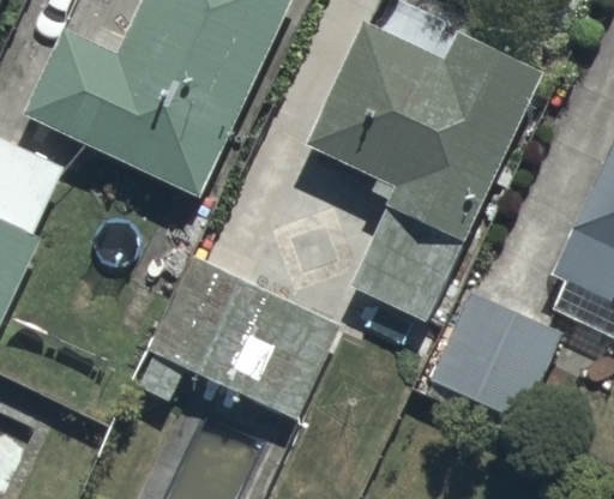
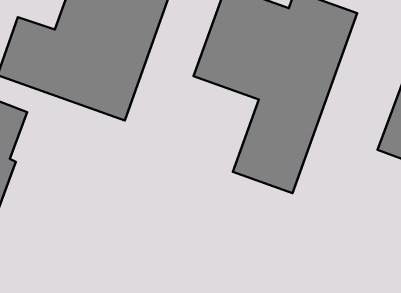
building: [128,254,336,417] -> none
building: [428,289,562,422] -> none

